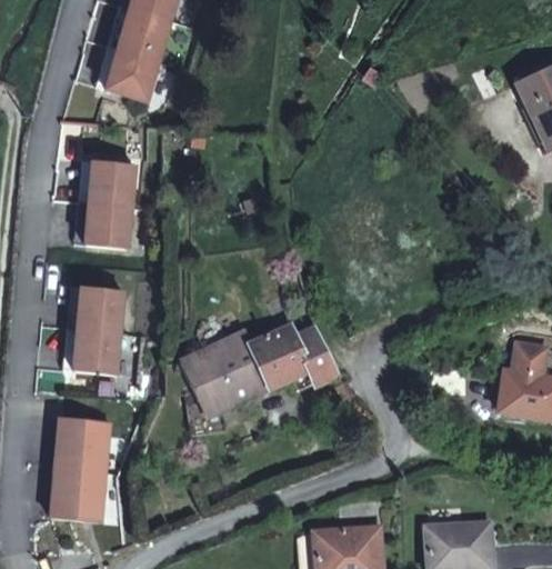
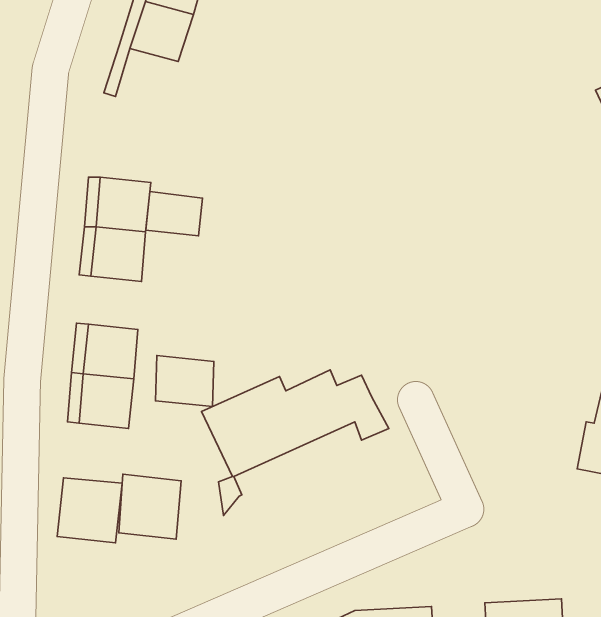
building: [107,50,160,100] -> none
building: none -> [146,191,203,236]
building: none -> [155,356,214,407]
building: [53,467,107,522] -> [119,474,181,539]

